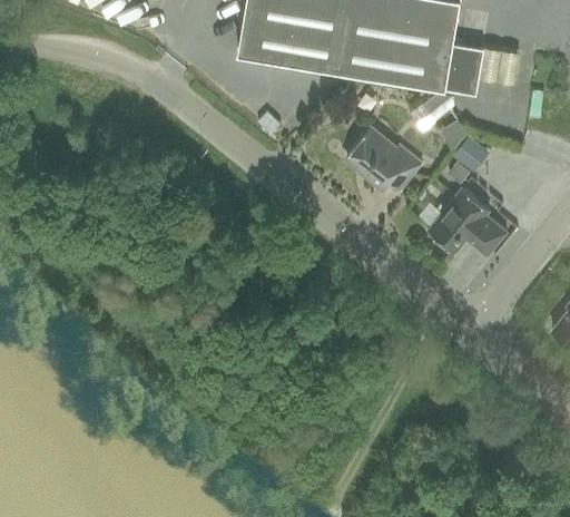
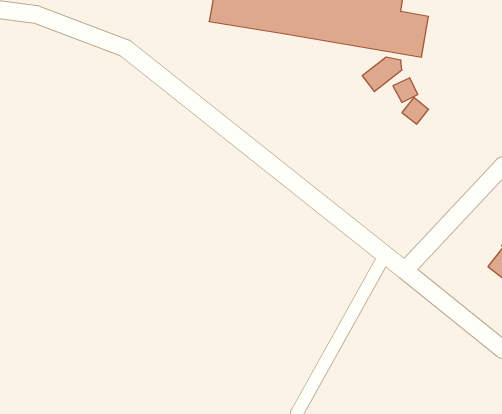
building: [346,129,421,192] -> none
building: [429,188,507,256] -> none

